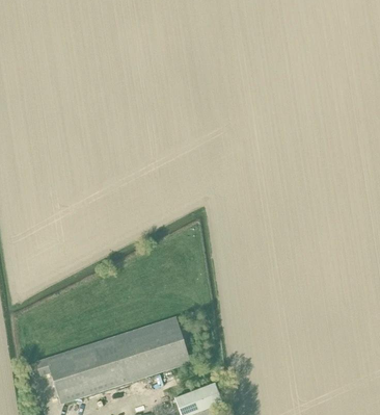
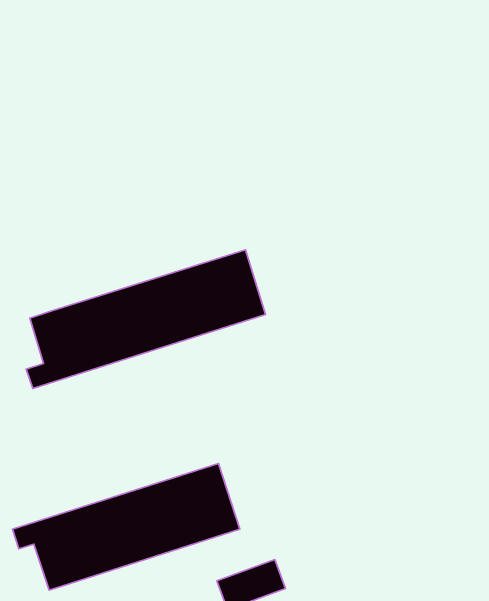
building: none -> [26,250,265,389]

